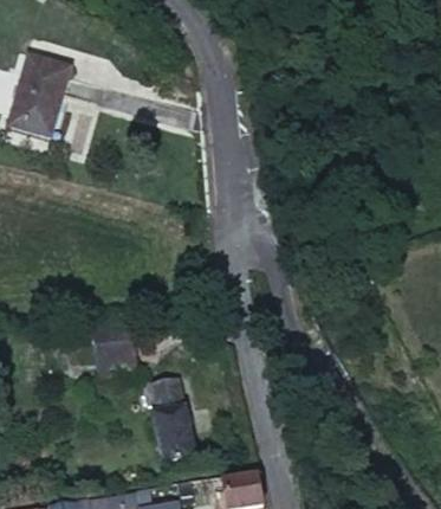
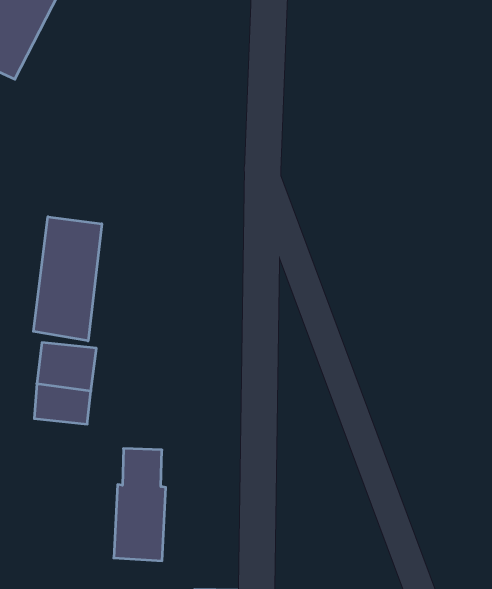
building: none -> [33,217,102,341]

